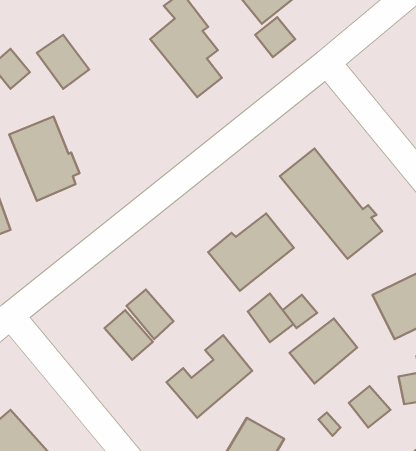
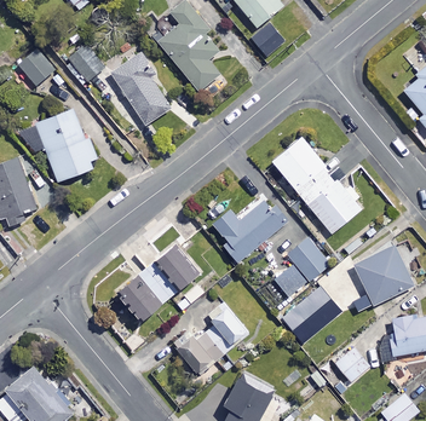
building: none -> [110,54,171,125]
building: none -> [154,243,200,289]
building: [248,294,293,342] -> [287,237,327,279]

